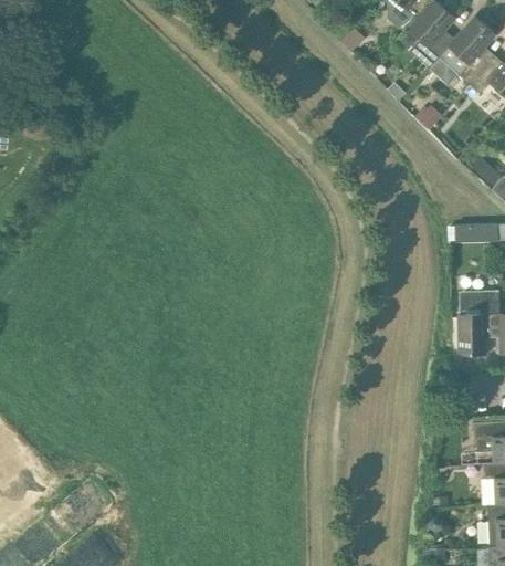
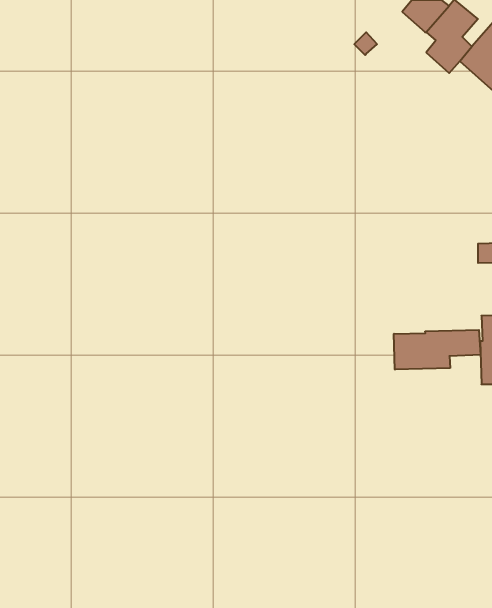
building: none -> [394,330,481,370]

